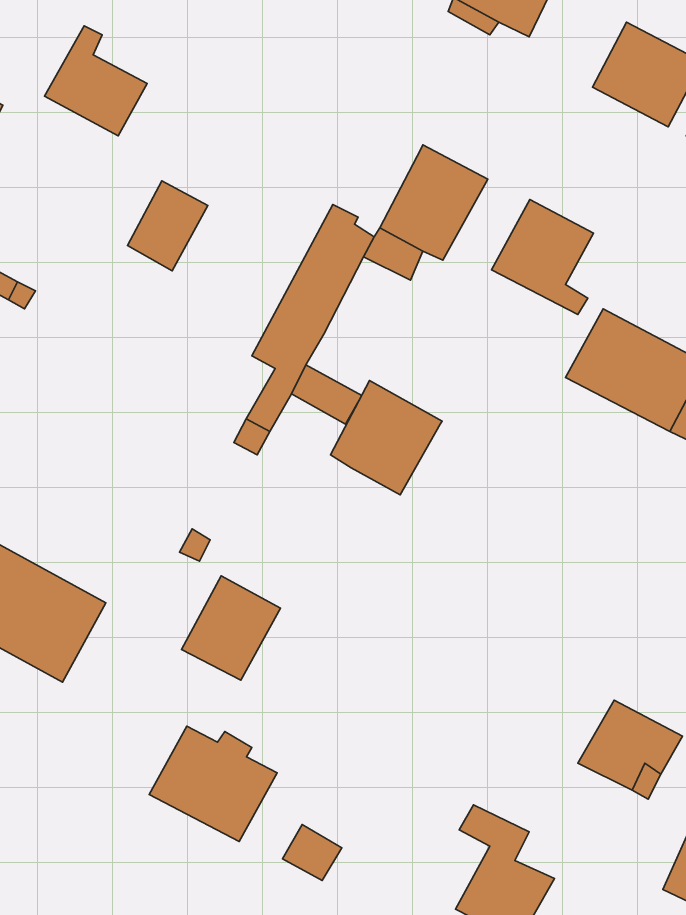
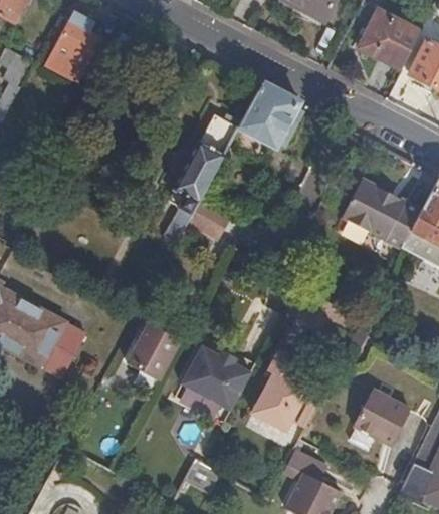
building: [128,181,208,271] -> none
building: [491,200,594,315] -> none
building: [330,380,442,495] -> none
building: none -> [252,347,308,427]
building: [149,726,277,841] -> [181,345,252,410]

